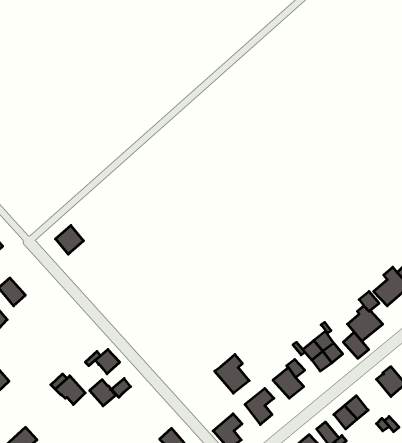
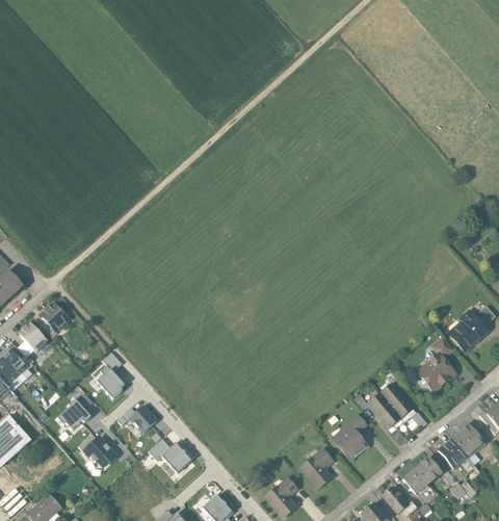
building: [55,225,84,254] -> [38,302,71,335]
building: none -> [97,364,122,396]
building: [343,332,369,358] -> [439,438,468,468]
building: none -> [58,397,90,426]
building: [215,354,249,393] -> none
building: [90,380,116,406] -> [161,441,191,471]

